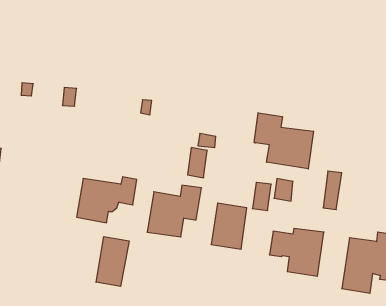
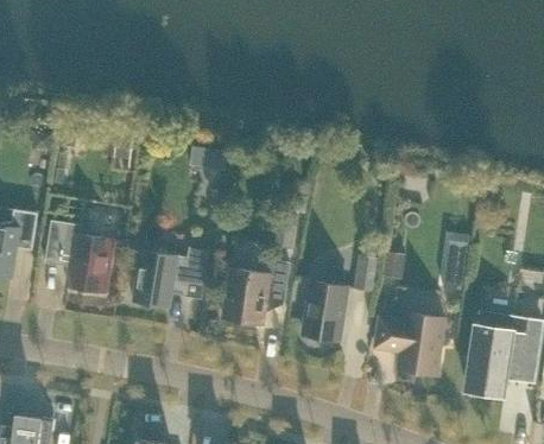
building: [254,113,314,169] -> none
building: none -> [45,221,113,292]
building: [96,237,129,286] -> none

